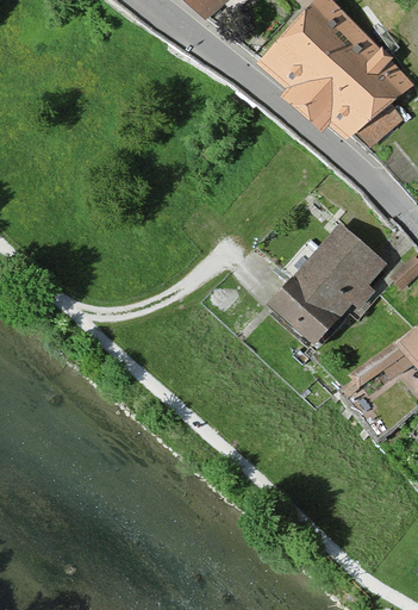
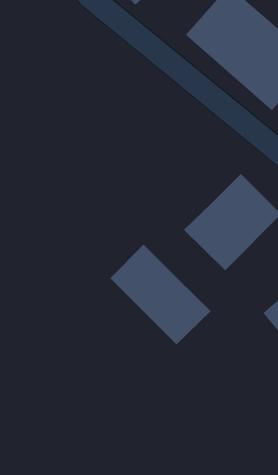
building: none -> [109,244,212,345]

